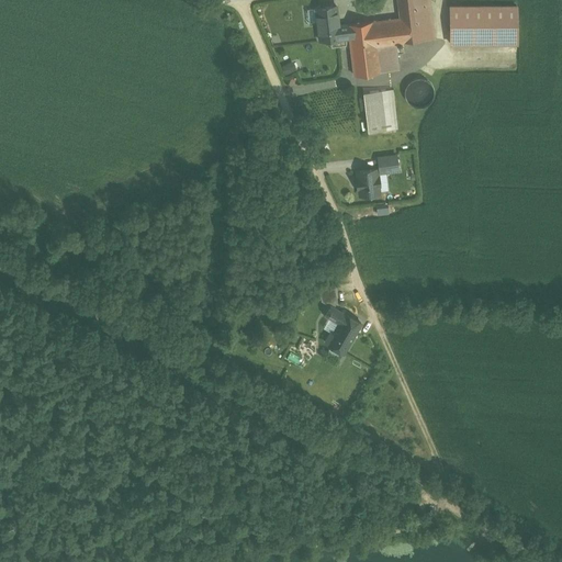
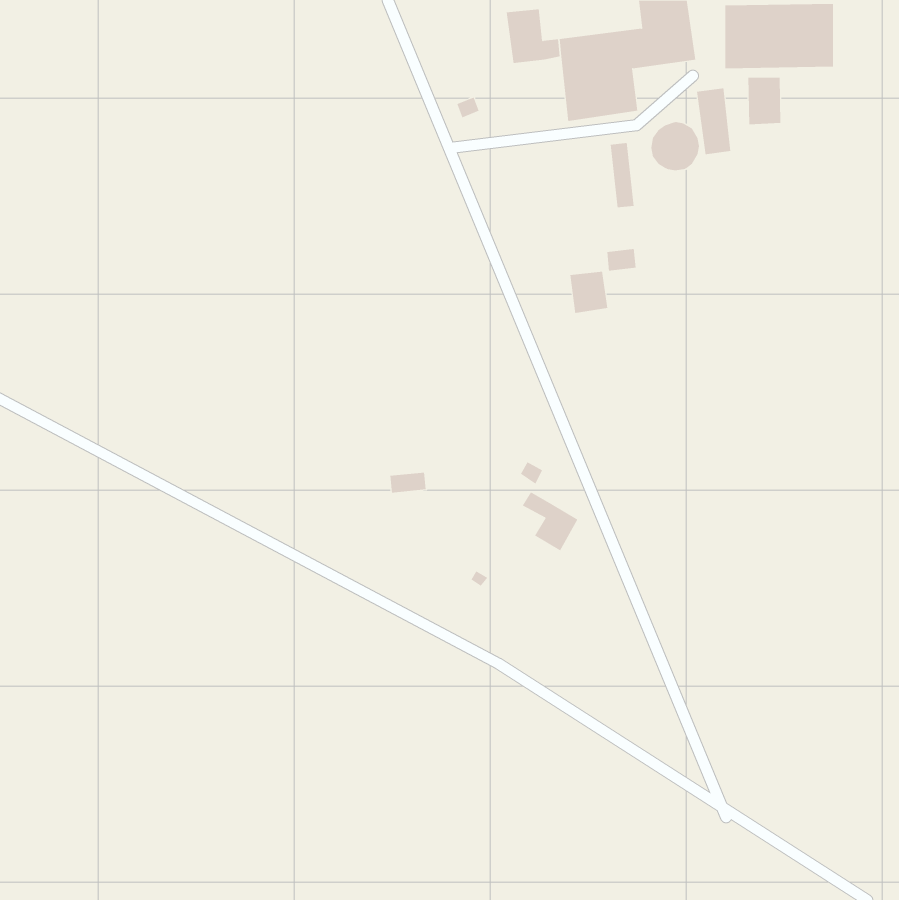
building: none -> [748,77,781,125]
building: [362,90,384,132] -> [696,88,731,155]

